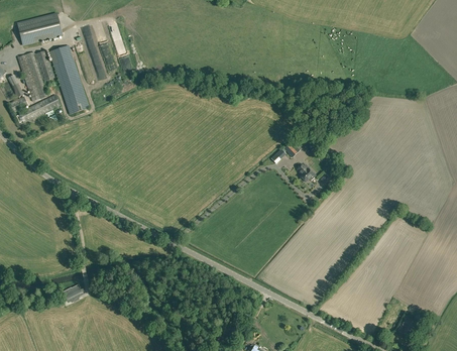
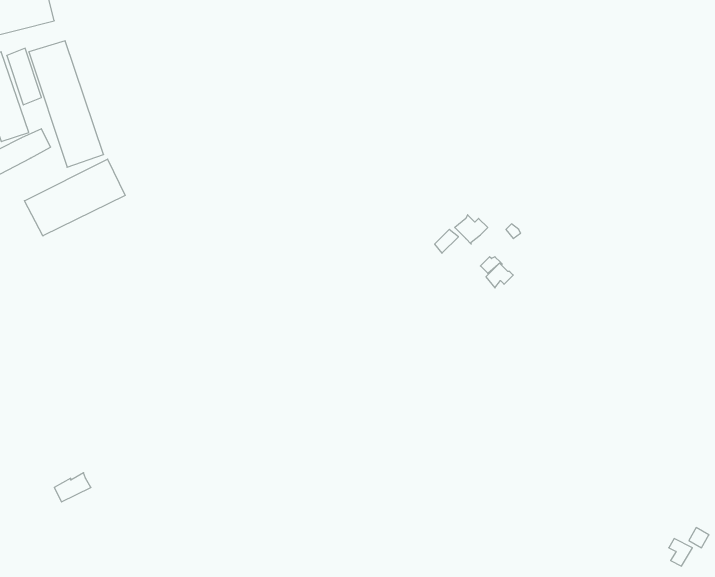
building: none -> [24,159,125,236]

